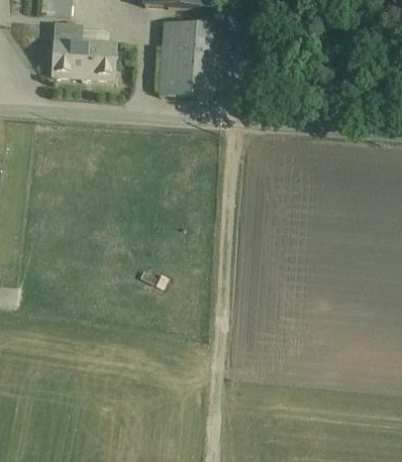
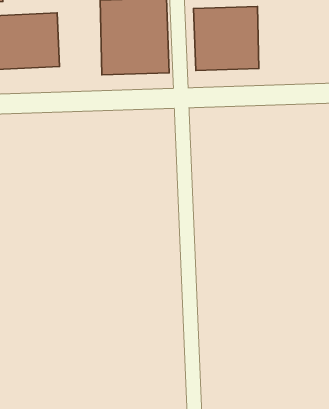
building: none -> [194,7,259,71]

